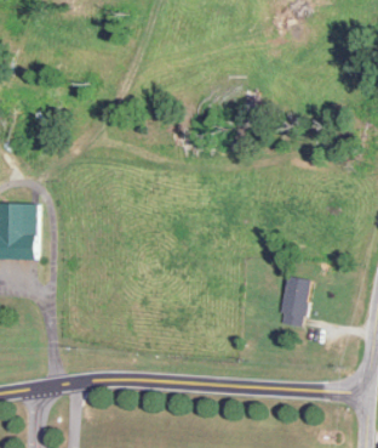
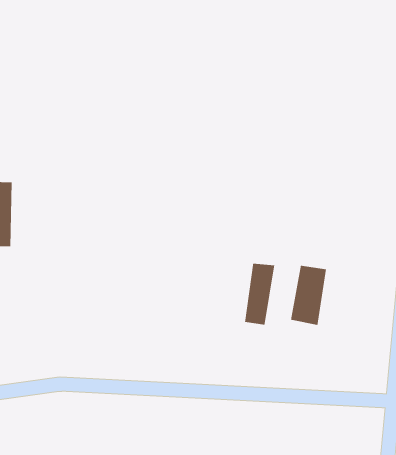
building: none -> [244,263,275,326]

